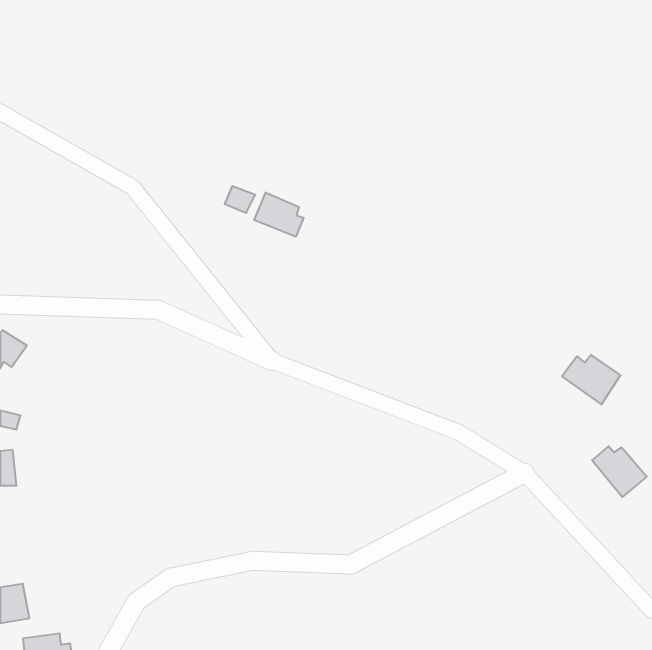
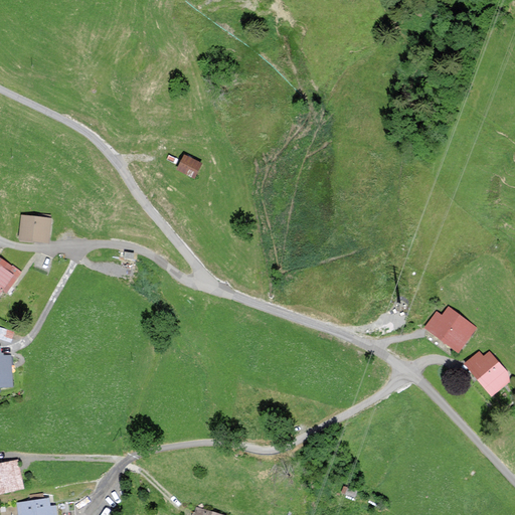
building: [254,192,304,237] -> none
building: none -> [18,216,51,241]
building: [562,355,621,405] -> [426,311,473,350]

